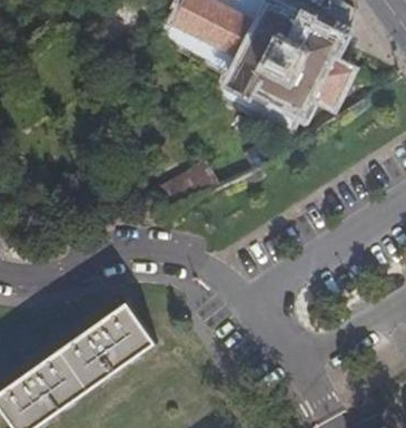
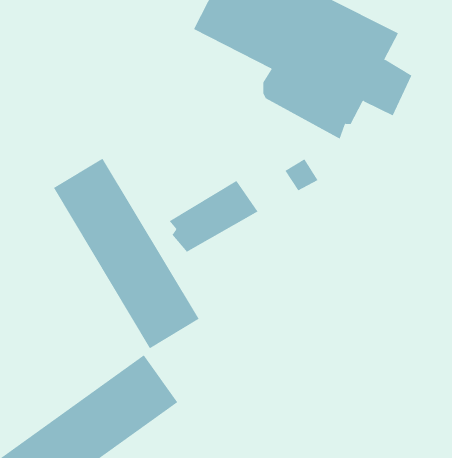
building: none -> [53,158,199,349]

